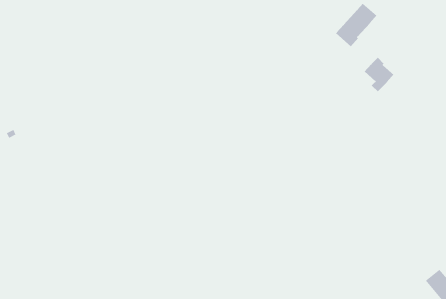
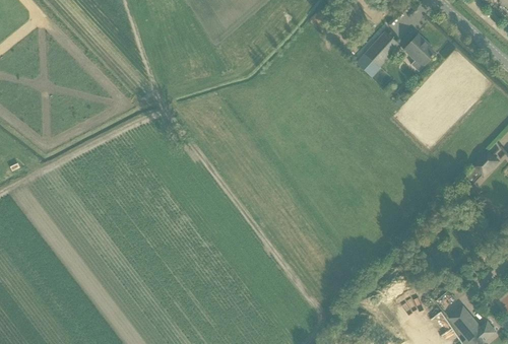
building: [364,57,394,92] -> [403,35,435,71]

